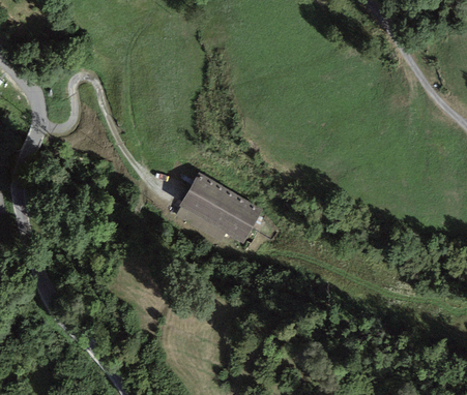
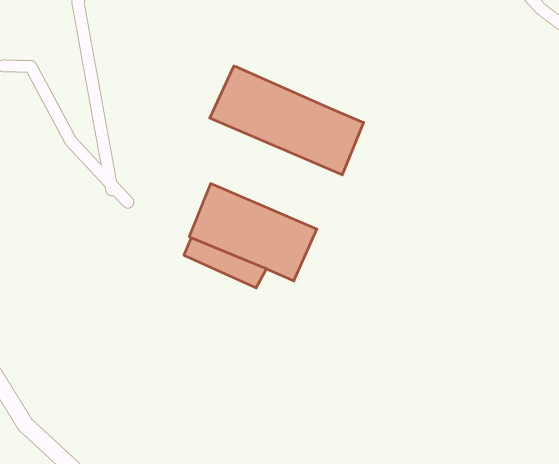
building: none -> [210,66,364,175]

